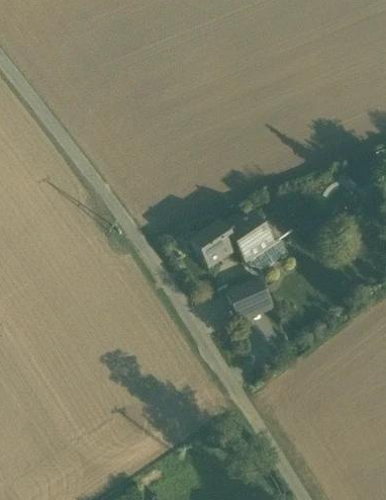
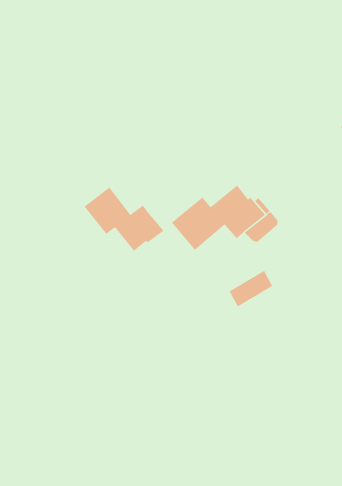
building: none -> [83,186,164,252]
building: [227,275,267,305] -> none

